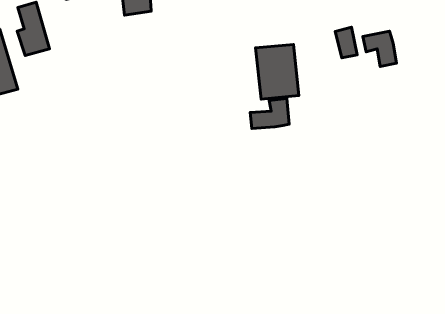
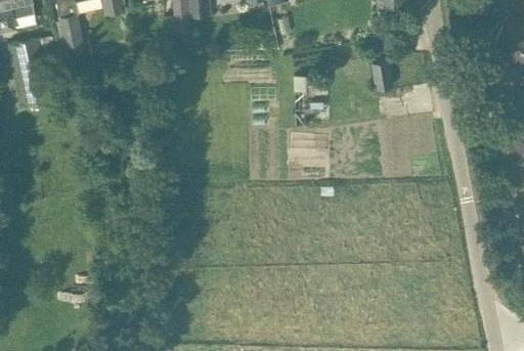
building: [363,31,397,67] -> none
building: [250,99,289,128] -> none

